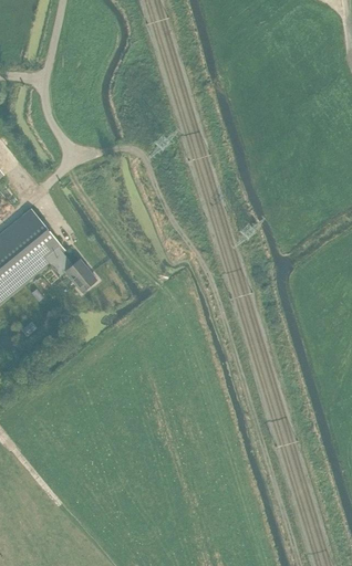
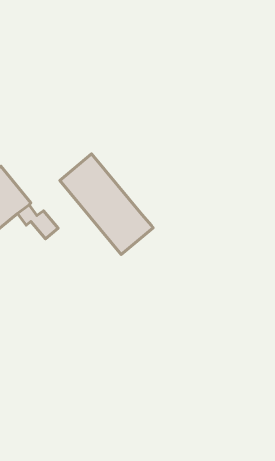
building: none -> [60,154,153,254]

